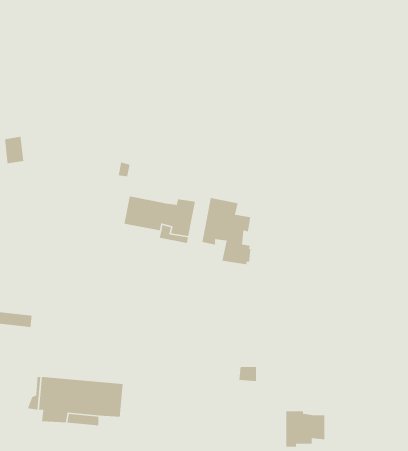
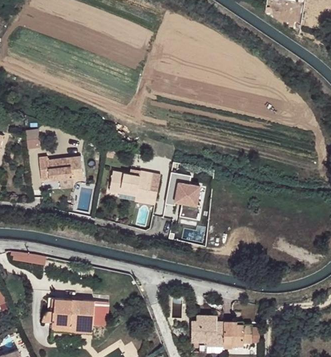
building: none -> [39,157,84,190]
building: none -> [191,316,224,346]

